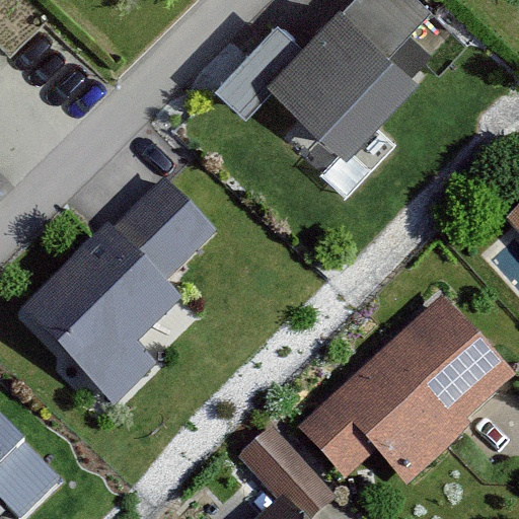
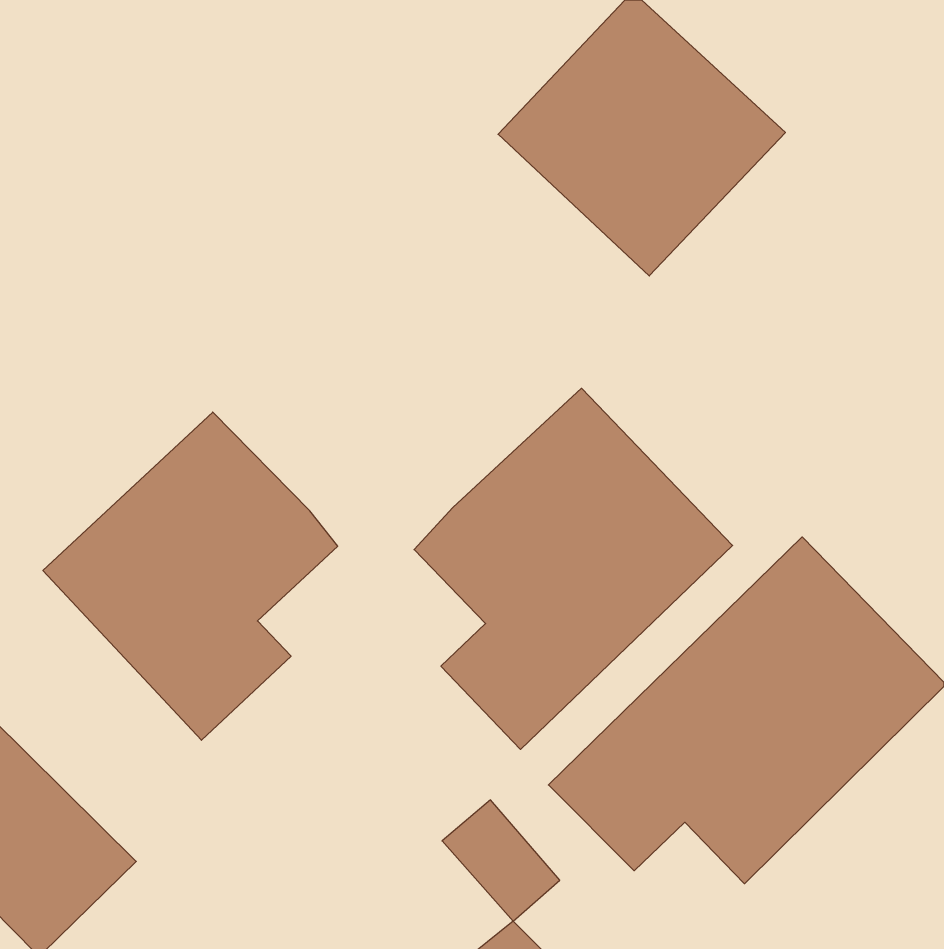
building: [116,178,218,280] -> none
building: none -> [414,388,733,749]

